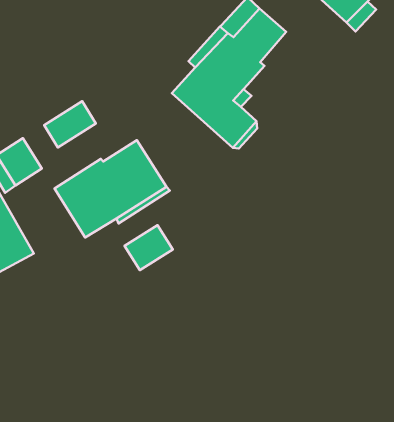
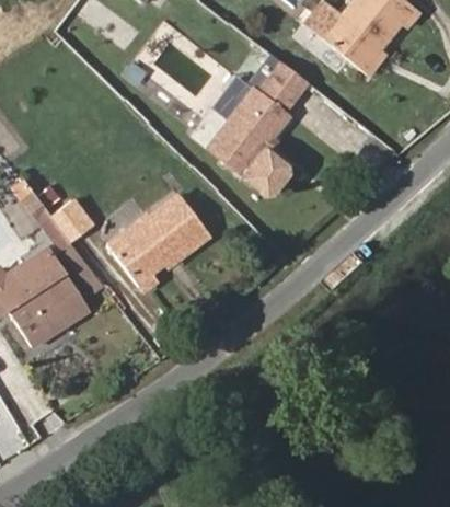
building: [44,101,96,147] -> none
building: [124,225,173,270] -> none

